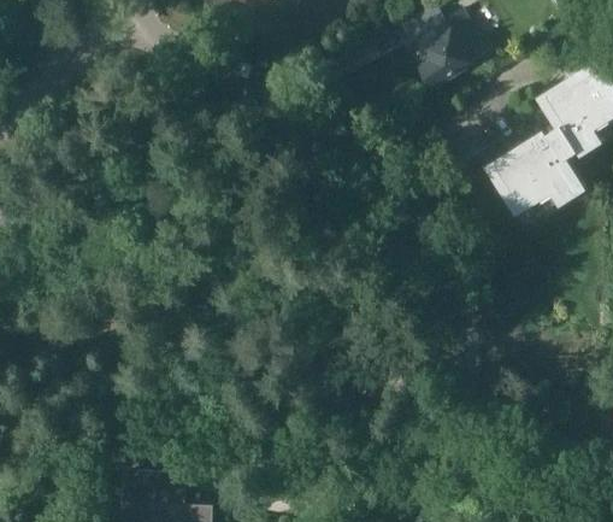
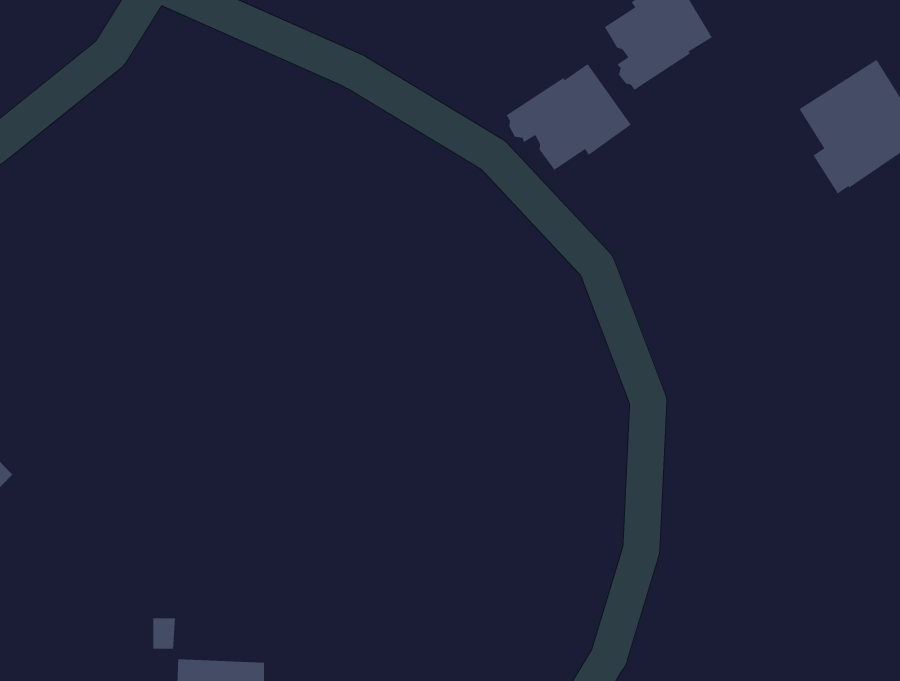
building: none -> [506,63,632,171]
building: [489,131,577,218] -> none

